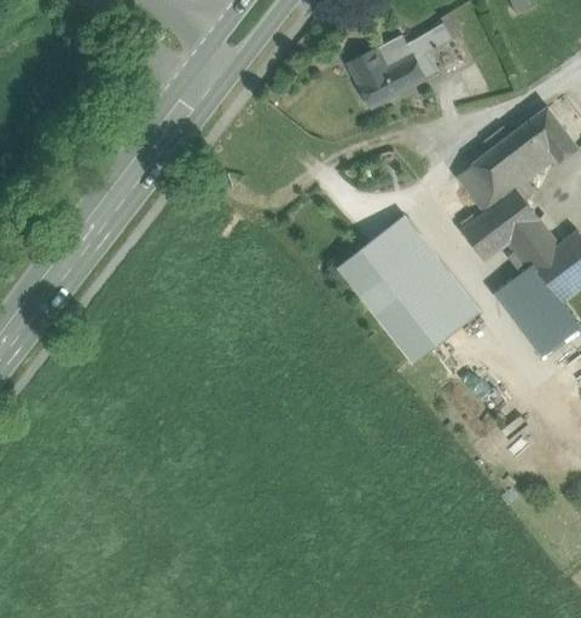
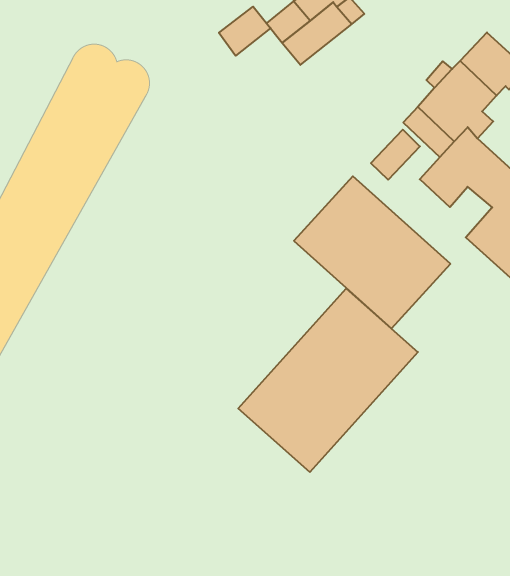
building: none -> [219,7,271,56]
building: none -> [371,130,420,180]
building: none -> [238,289,418,472]

